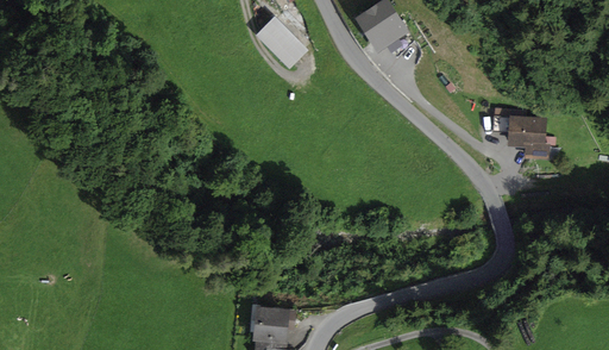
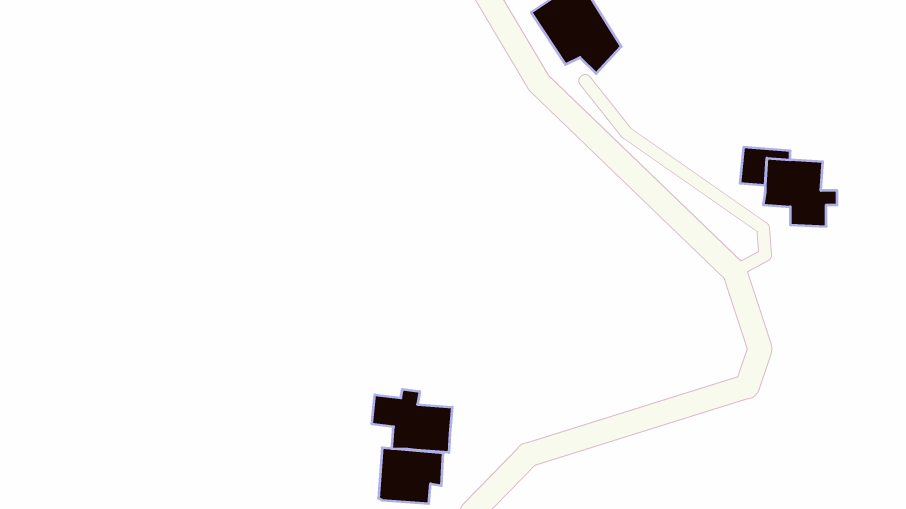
building: [255,15,308,69] -> none
building: none -> [372,389,452,453]

